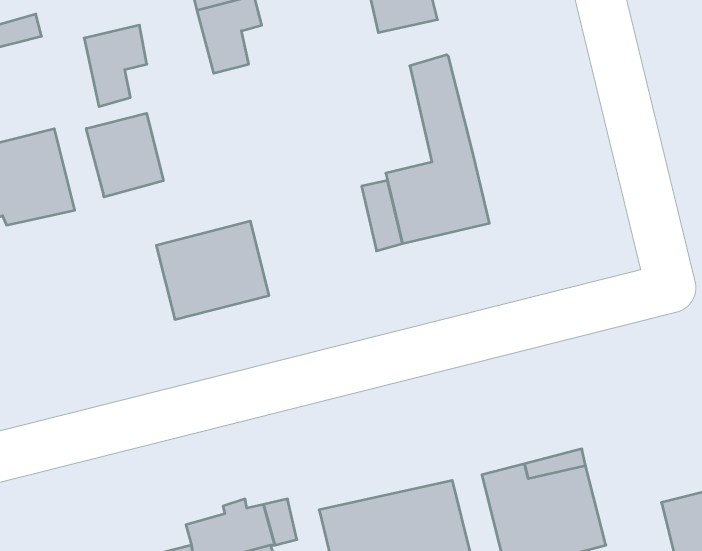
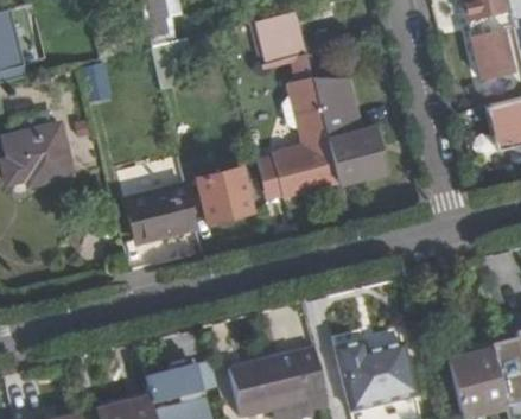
building: none -> [312,76,385,183]
building: [86,113,163,197] -> none
building: none -> [196,165,250,221]

